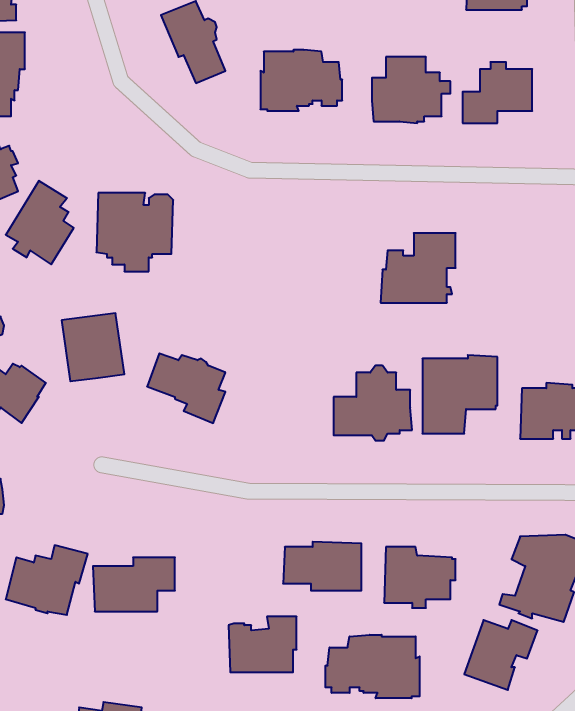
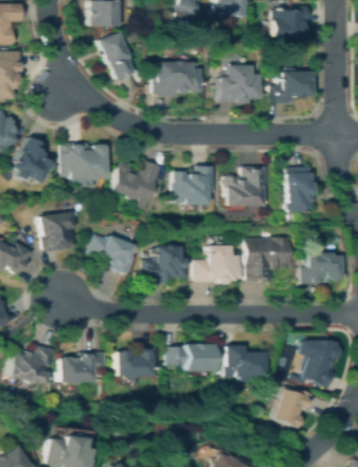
building: none -> [110,160,162,211]
building: none -> [173,165,213,205]
building: none -> [286,166,312,212]
building: none -> [146,245,188,284]
building: [229,617,297,672] -> [117,345,156,377]
building: [325,635,420,698] -> none

